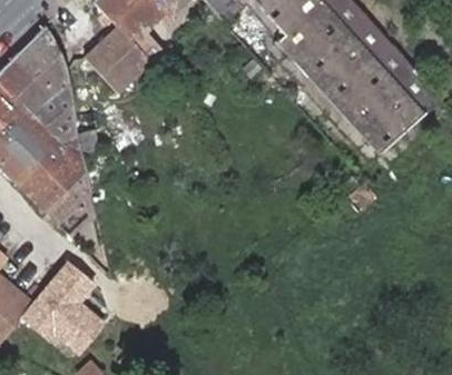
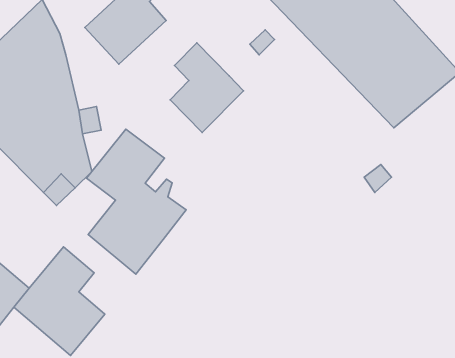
building: none -> [170,43,243,133]
building: none -> [86,129,186,274]

